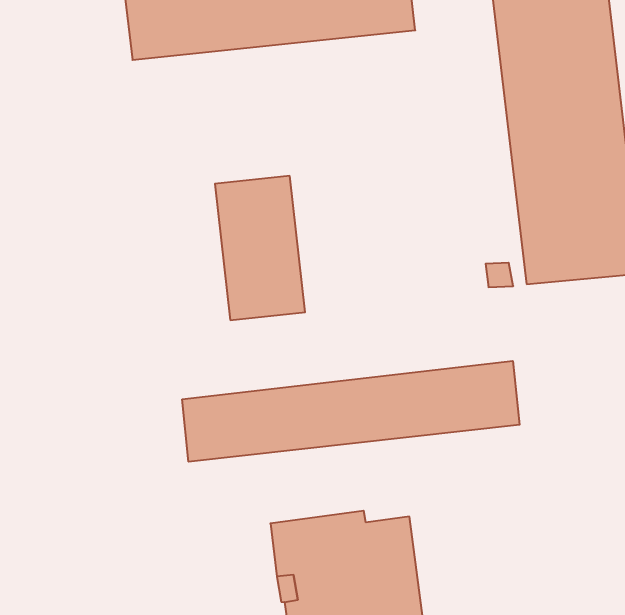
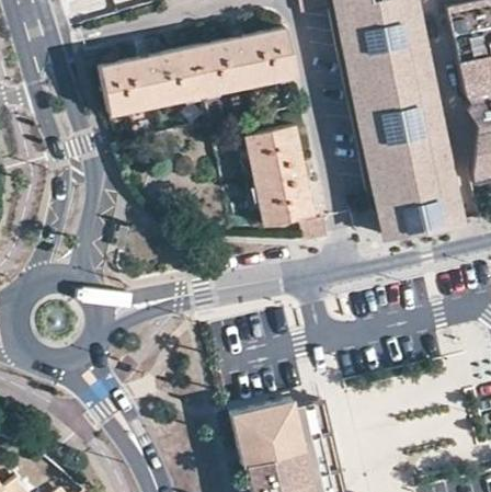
building: [215,176,305,320] -> [244,133,312,232]
building: [182,361,520,462] -> none

